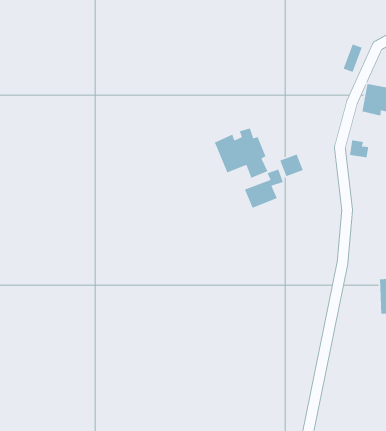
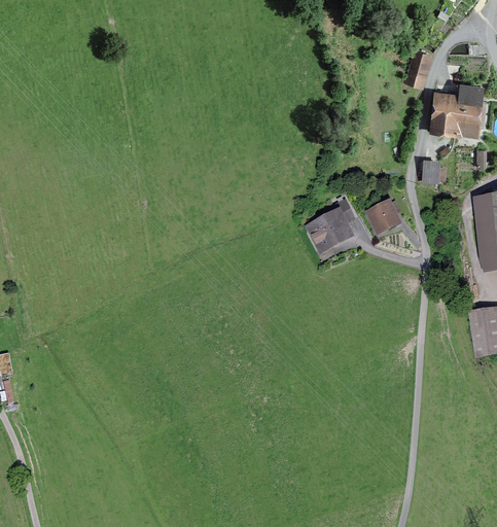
building: [214,127,268,179] -> none
building: [279,153,304,177] -> [369,204,398,232]

